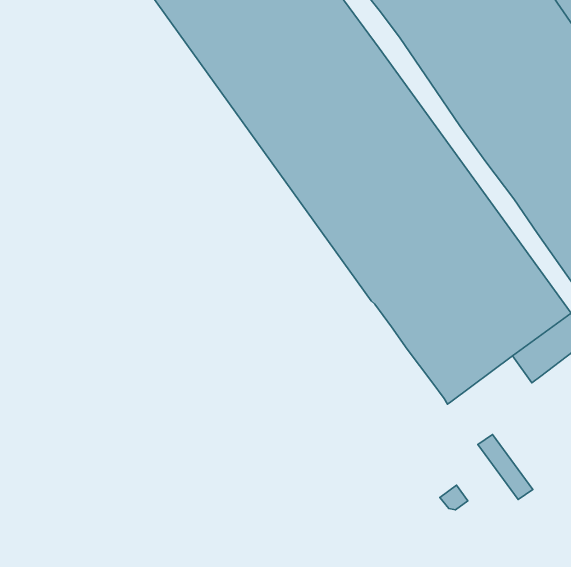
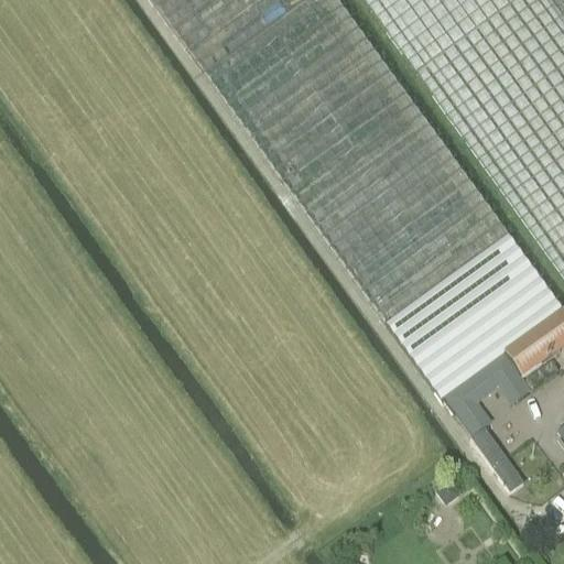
building: none -> [445,349,533,430]

